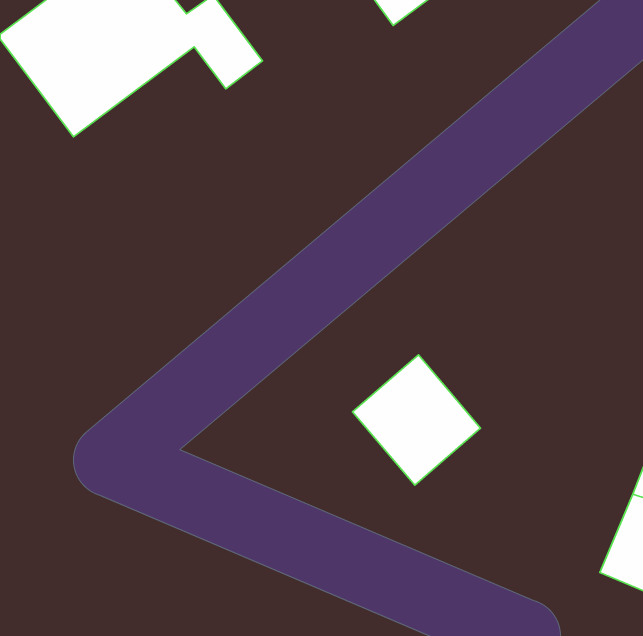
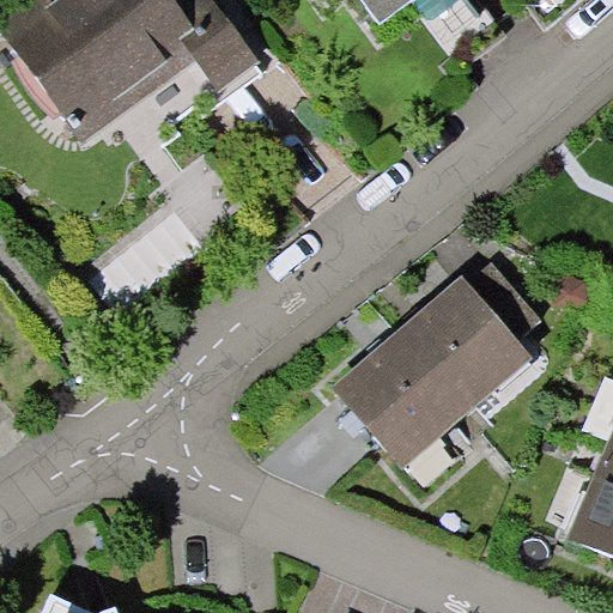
building: none -> [400,261,539,405]

